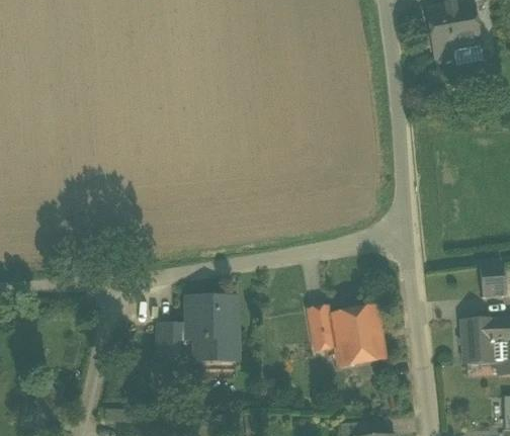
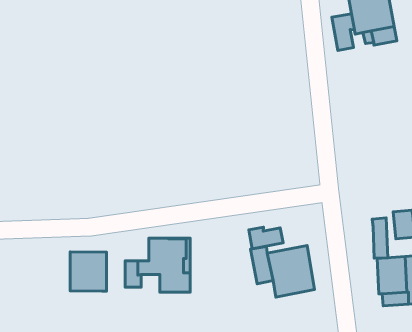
building: none -> [332,14,354,50]
building: none -> [372,218,388,258]
building: none -> [249,227,283,249]
building: none -> [70,252,106,291]

